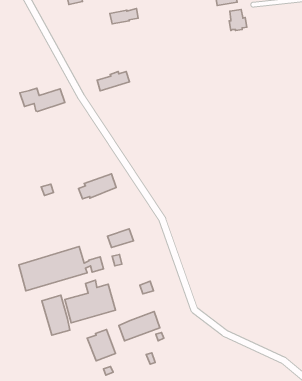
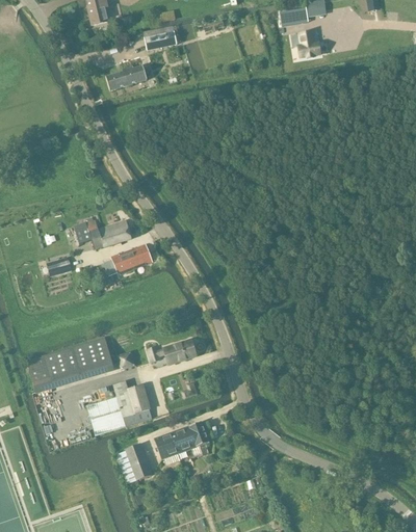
building: [97,71,129,91] -> [106,64,148,89]
building: [20,88,65,111] -> [74,218,132,248]
building: [108,229,133,247] -> [163,339,197,363]
building: [42,295,70,335] -> none

